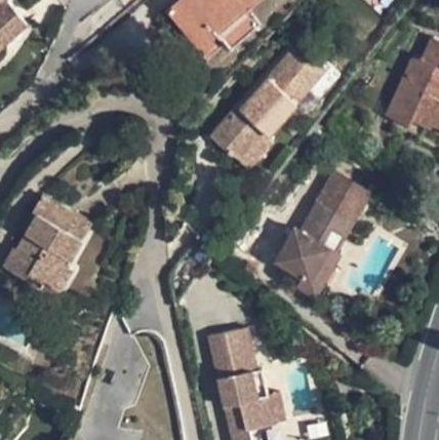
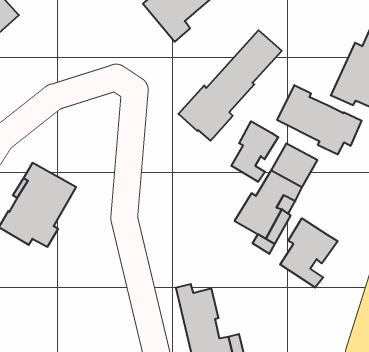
building: none -> [277,85,362,154]
building: none -> [231,121,278,182]
building: none -> [280,218,338,288]

